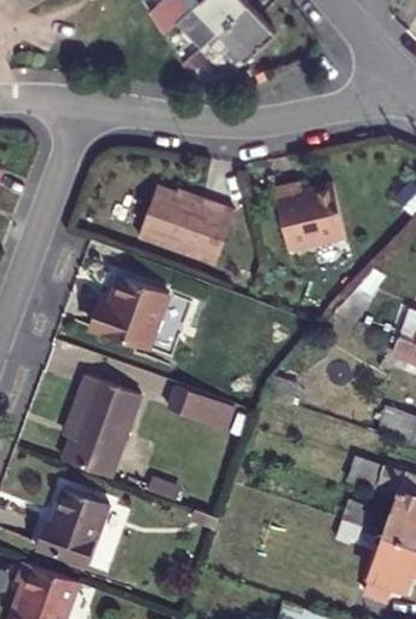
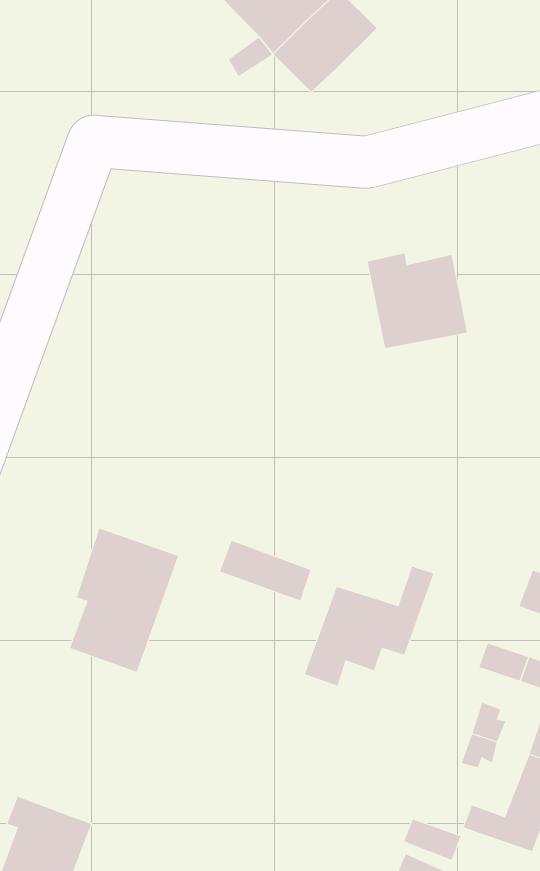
building: [133,190,230,267] -> none
building: [93,283,166,353] -> none
building: none -> [304,566,434,687]
building: [37,485,111,563] -> none

